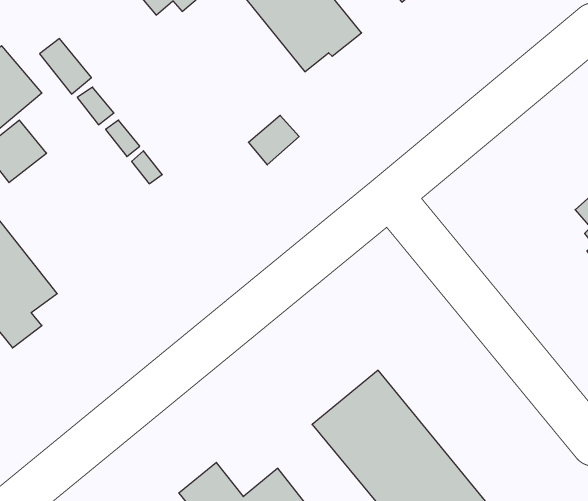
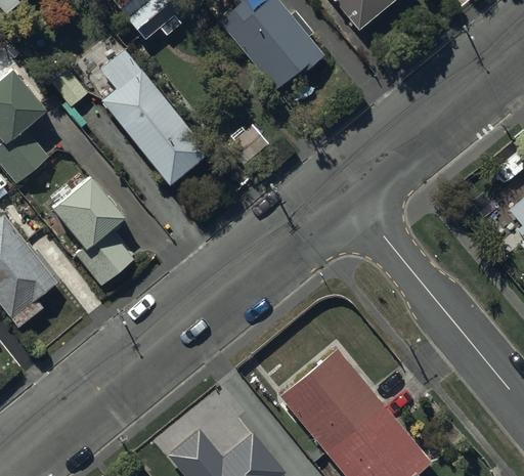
building: none -> [99,49,208,183]
building: none -> [51,174,135,288]

